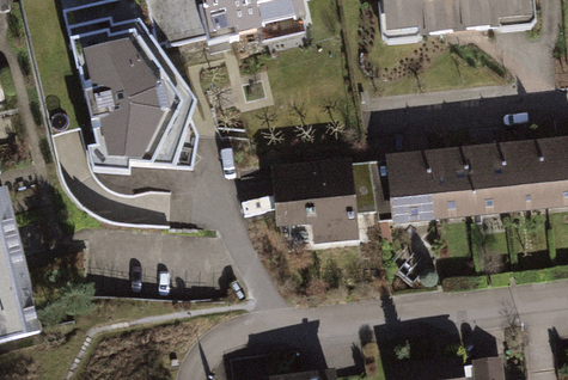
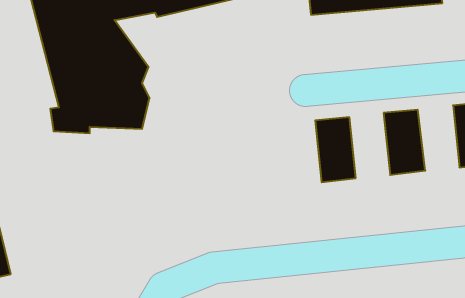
building: [499,140,545,213] -> none
building: [422,148,468,221] -> none
building: [261,158,372,245] -> none

